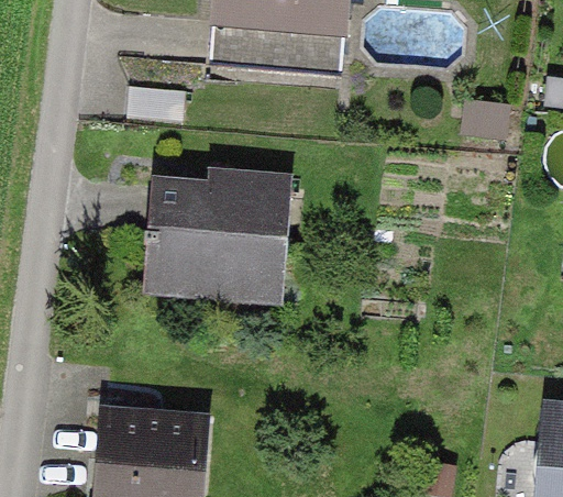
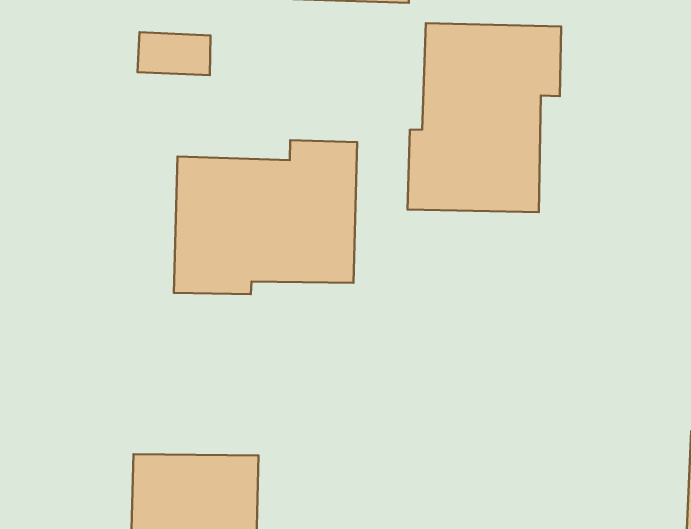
building: none -> [407,23,561,212]

